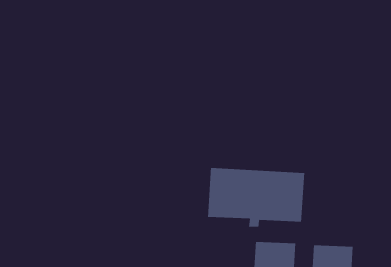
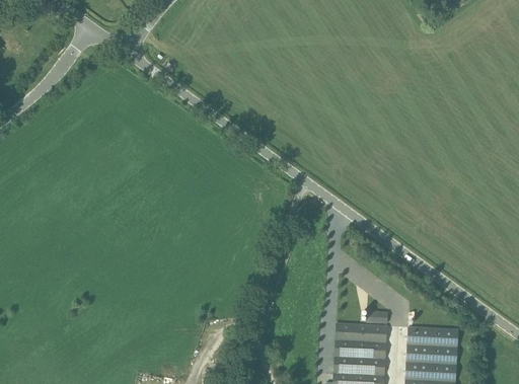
building: [207,167,305,228] -> none

